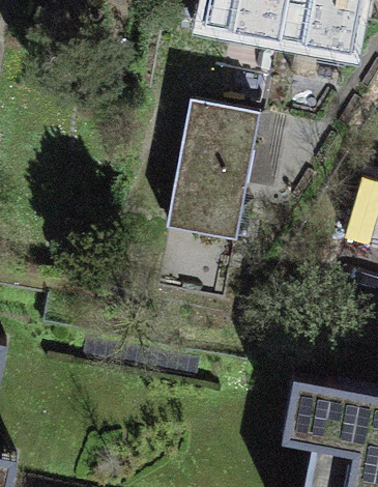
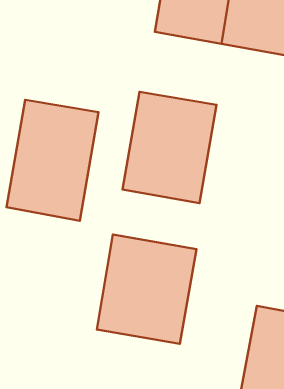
building: none -> [7,100,99,221]
building: none -> [97,235,197,344]

